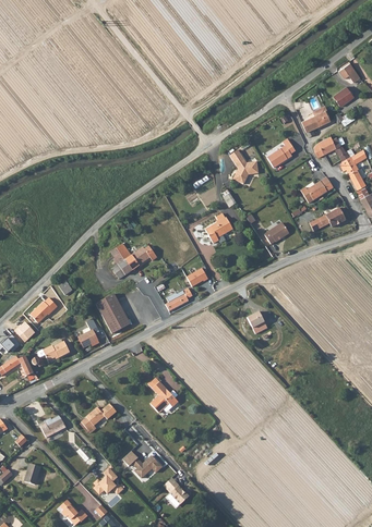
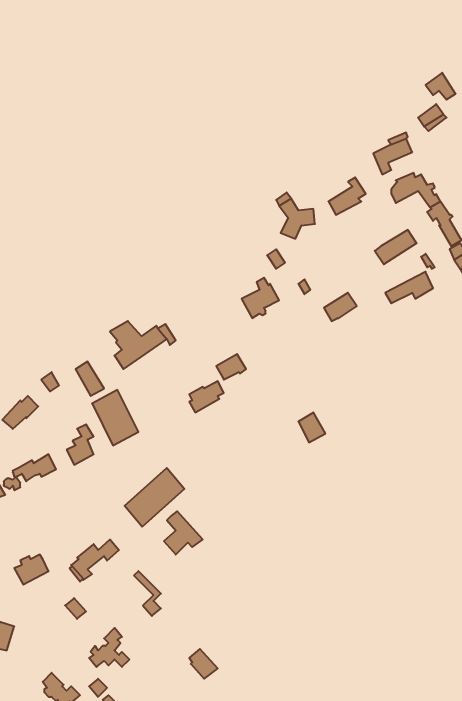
building: none -> [125,468,184,527]
building: [121,451,161,479] -> none

